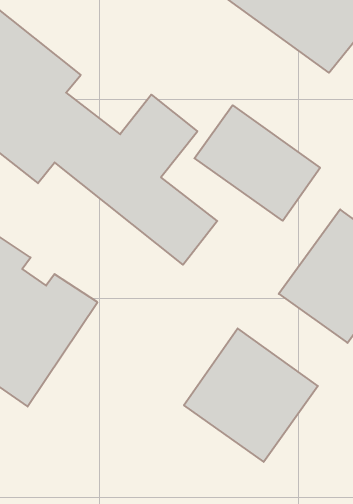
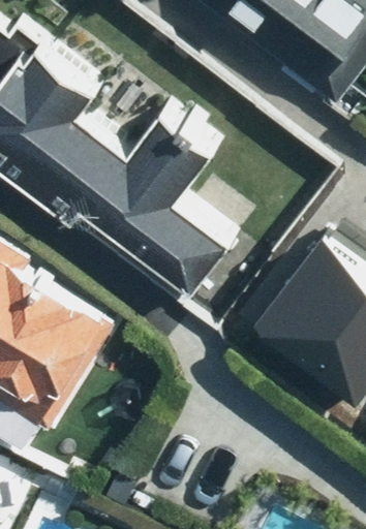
building: [194,105,320,221] -> none
building: [184,328,318,462] -> none

